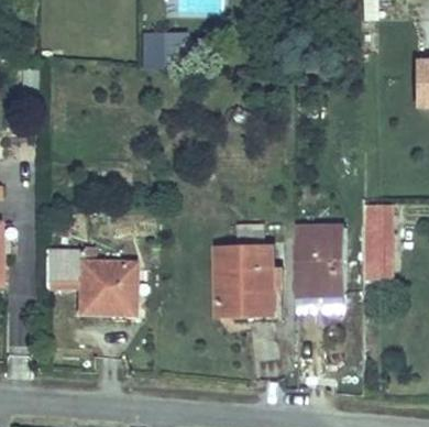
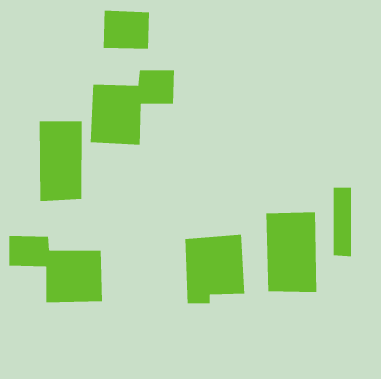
building: none -> [90,69,175,146]
building: none -> [39,120,82,202]

